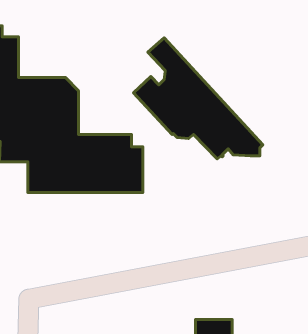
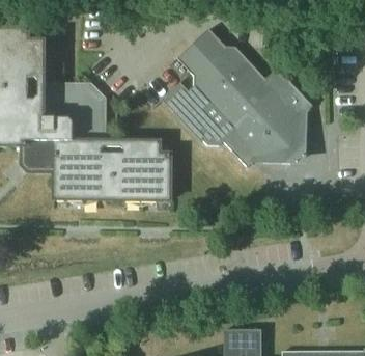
building: none -> [192,27,311,150]

